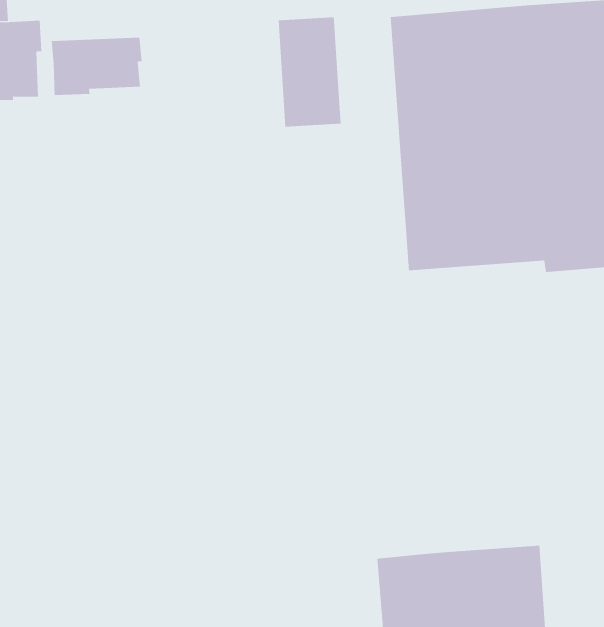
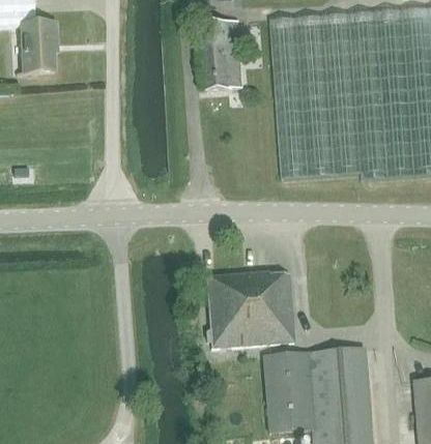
building: [51,37,142,96] -> none
building: none -> [205,272,293,347]

